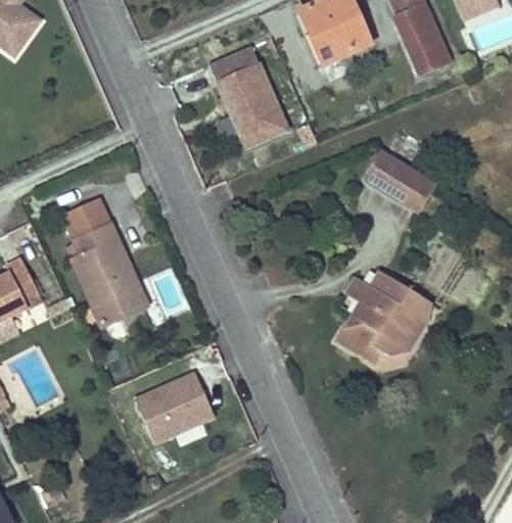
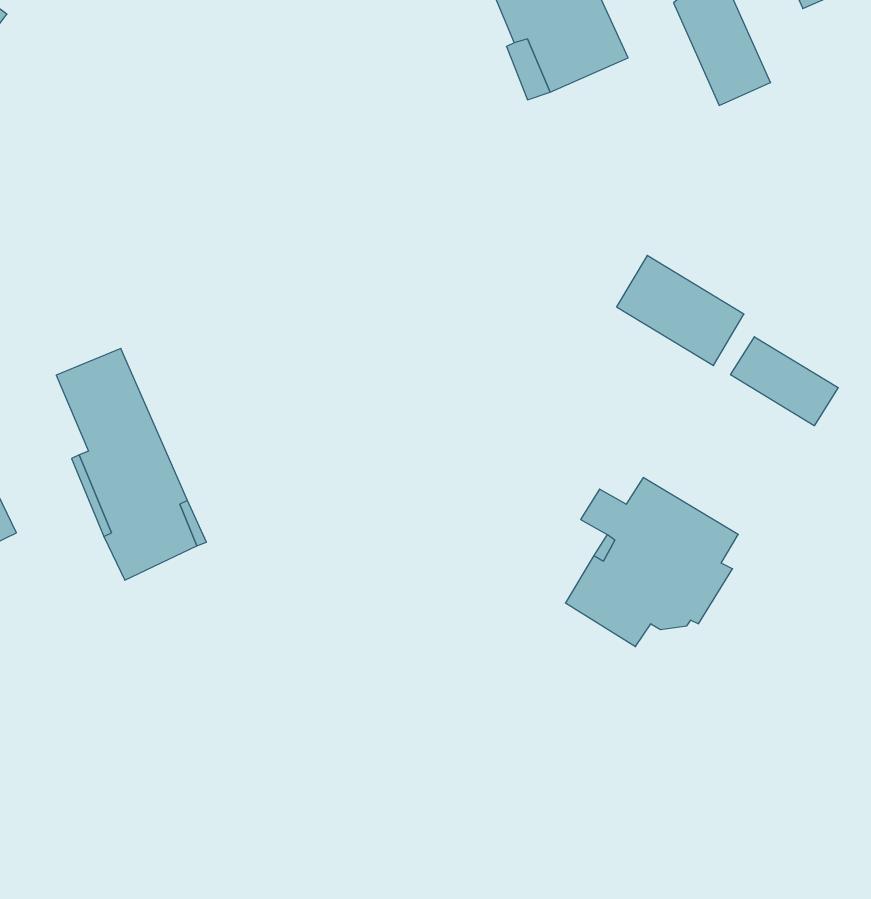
building: [208,45,287,147] -> none
building: none -> [731,337,838,426]
building: [135,372,215,443] -> none

